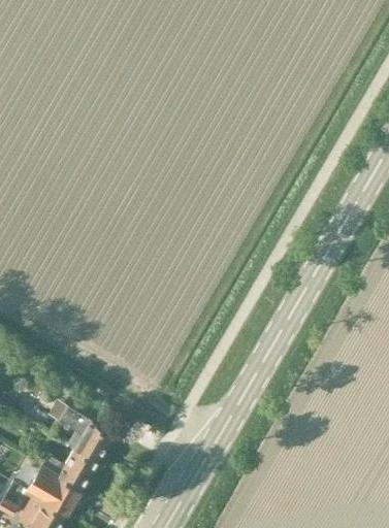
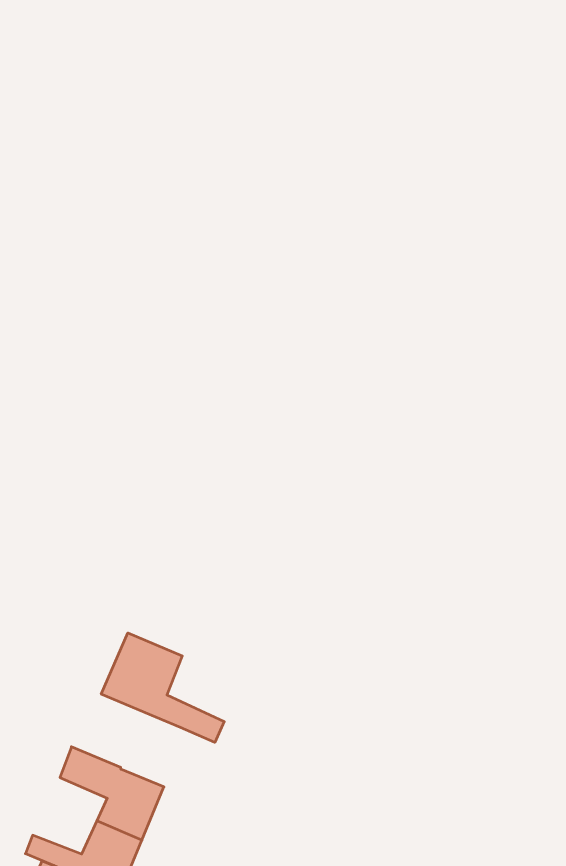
building: none -> [101,633,224,742]

